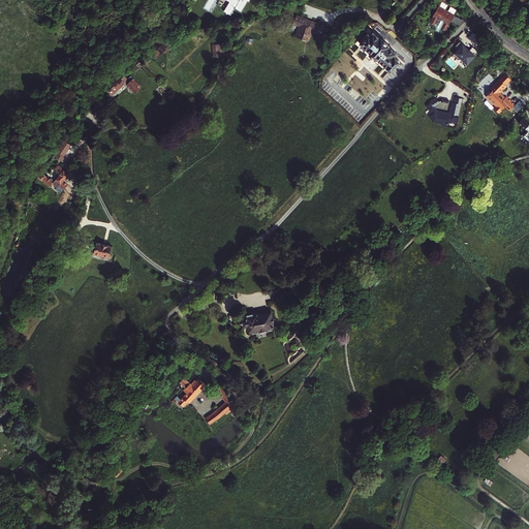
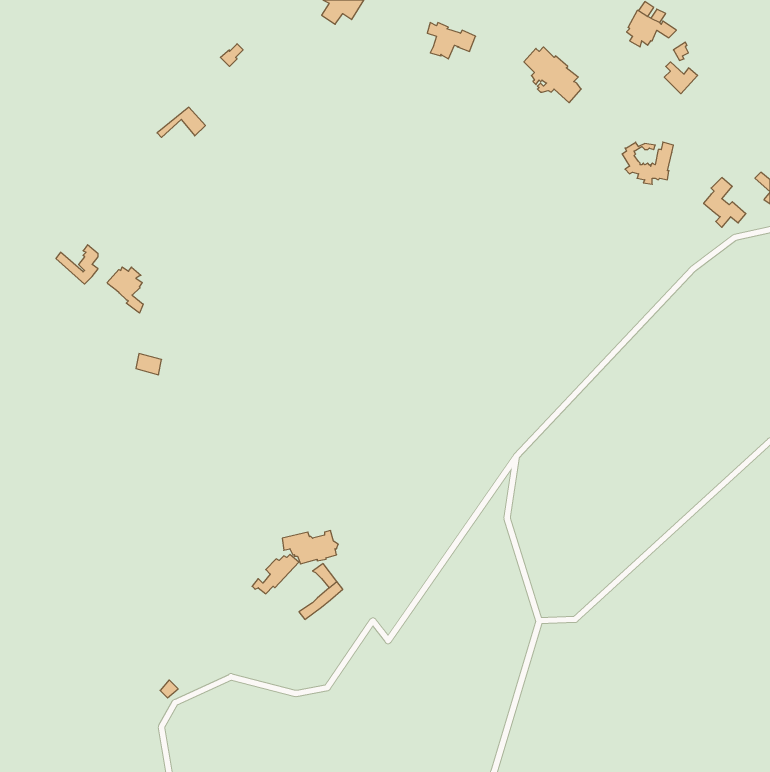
building: [485,77,514,112] -> [704,178,746,227]
building: none -> [107,267,143,313]
building: [237,309,275,332] -> [282,531,338,564]

